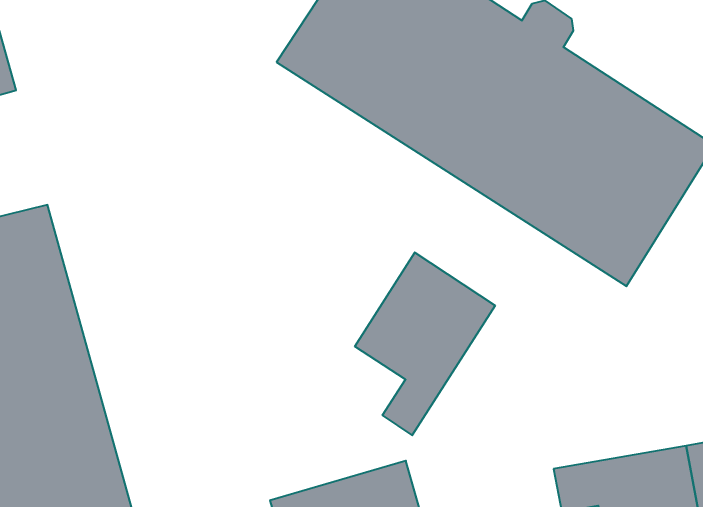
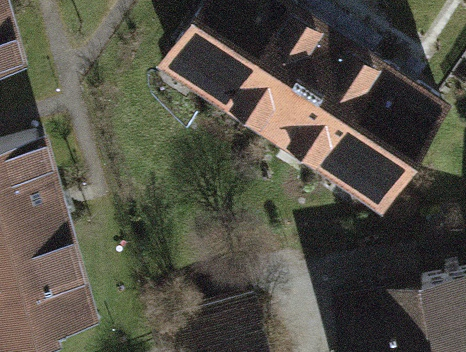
building: [355,252,495,435] -> none

